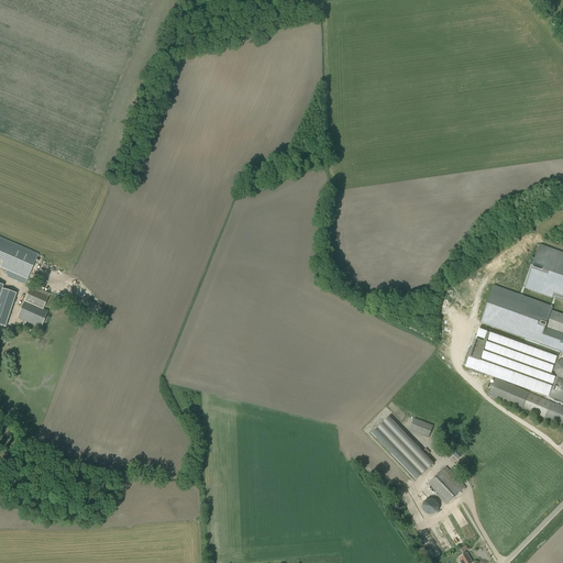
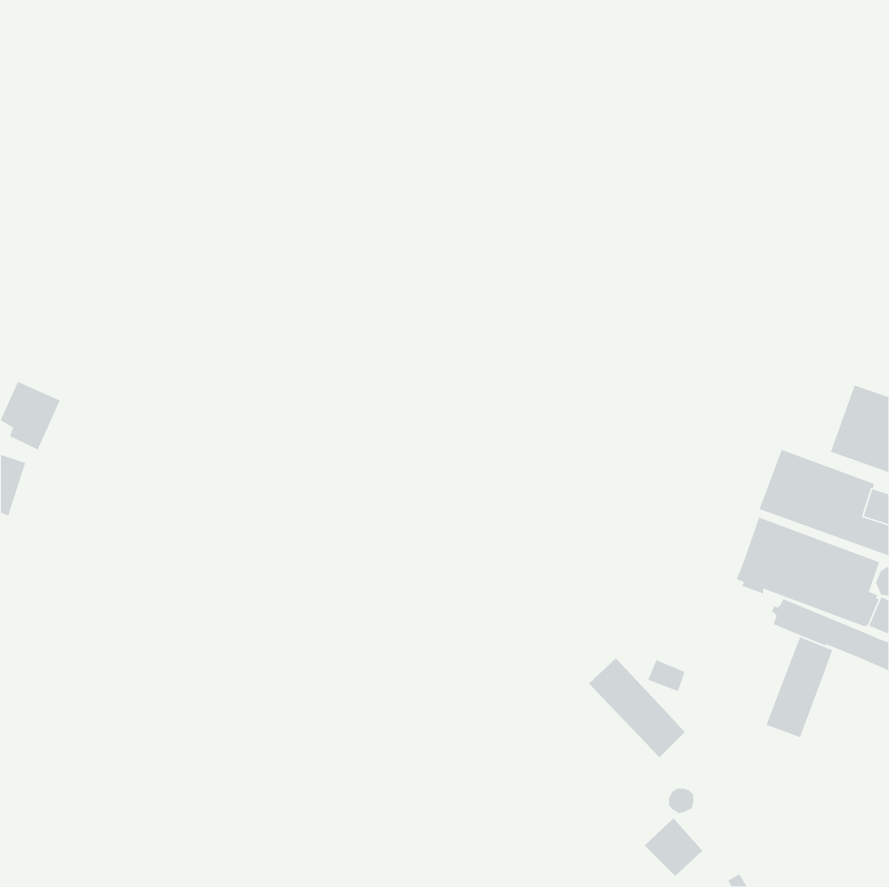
building: [18,287,48,327] -> none
building: none -> [766,636,833,738]
building: [428,465,465,503] -> [644,818,703,877]

